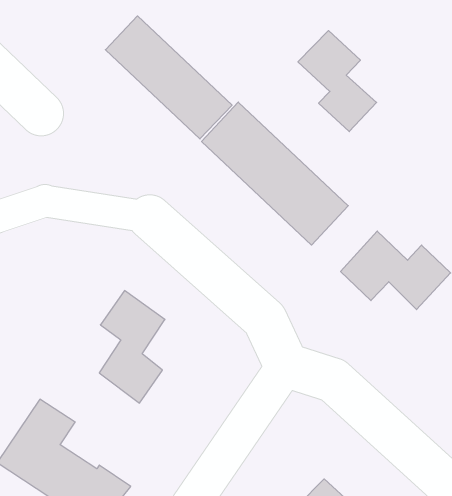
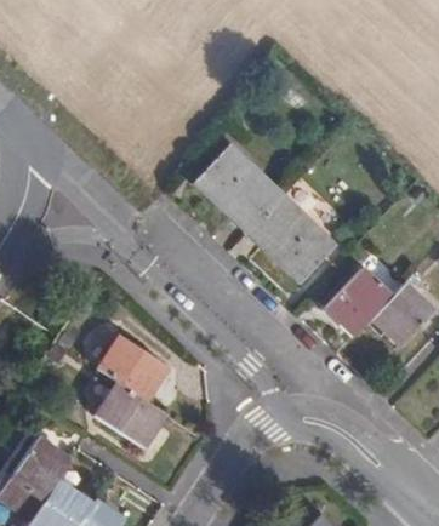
building: [105,16,232,139] -> none
building: [298,31,377,132] -> none

